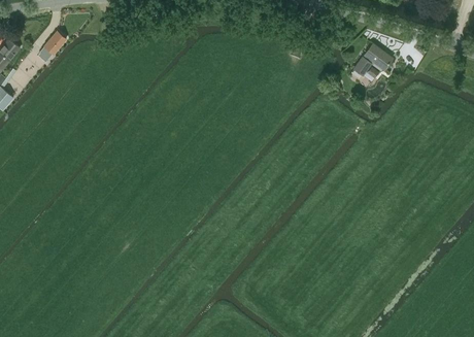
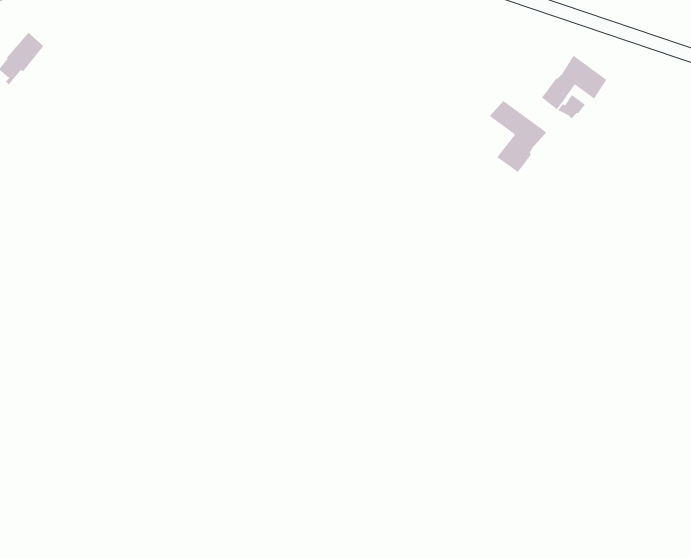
building: none -> [489,100,547,173]

